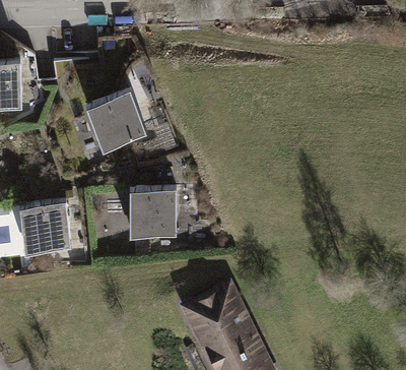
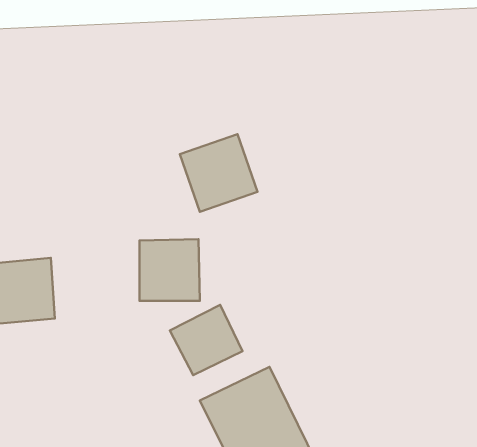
building: [86,90,145,149] -> [180,134,258,212]
building: none -> [170,305,243,375]

